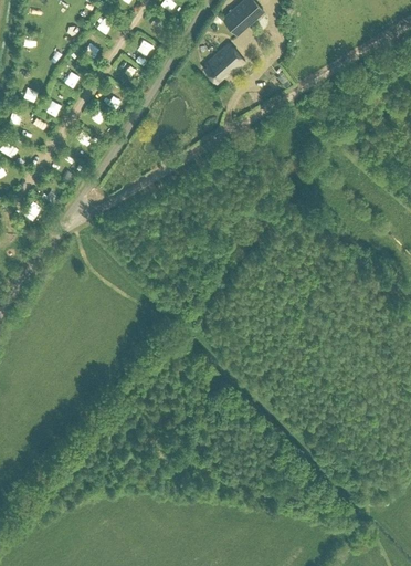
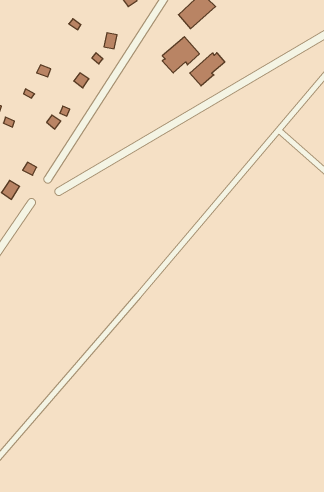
building: none -> [190,53,225,86]

